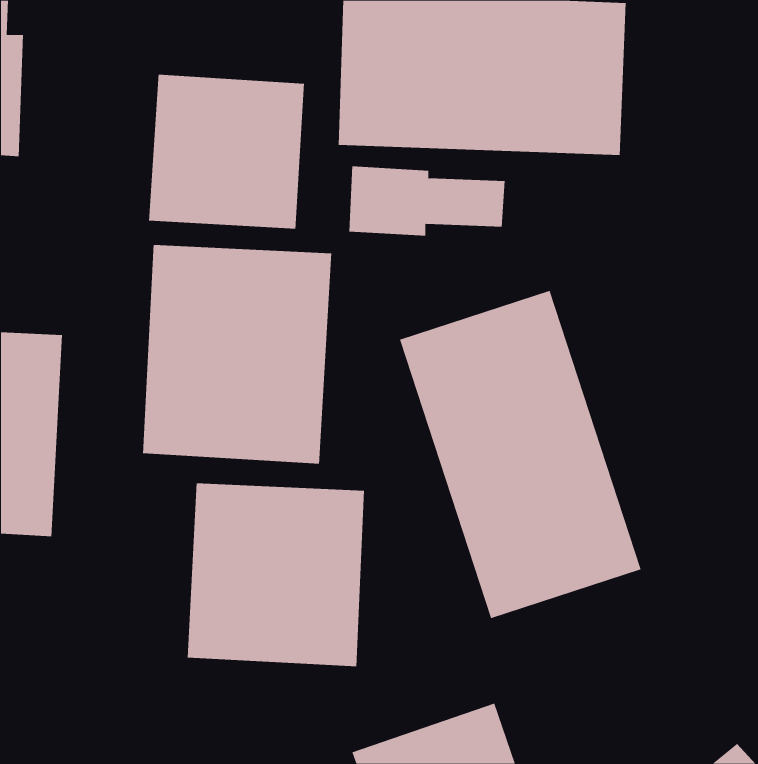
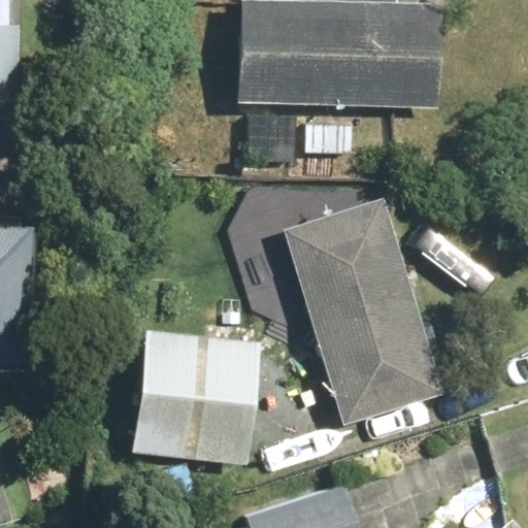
building: [148,74,304,229] -> none
building: [143,244,332,464] -> none

